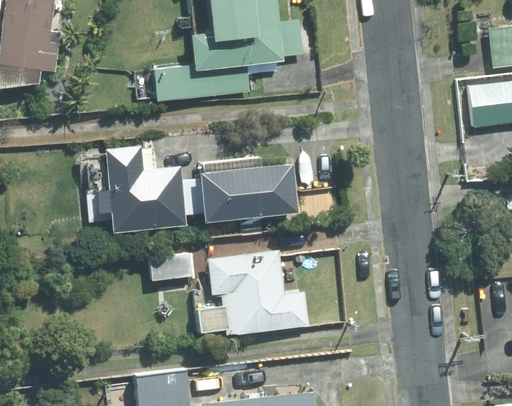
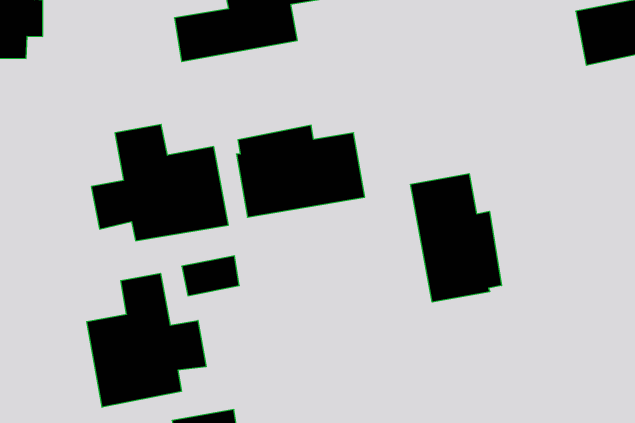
building: none -> [411,174,502,302]
building: [193,251,308,336] -> none
building: none -> [87,273,206,407]

